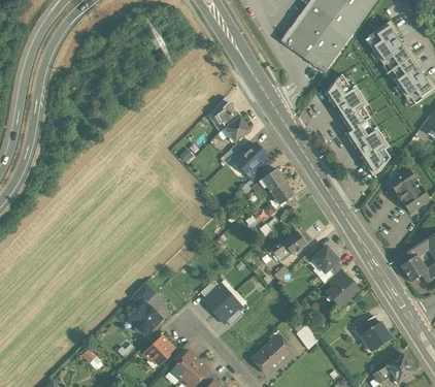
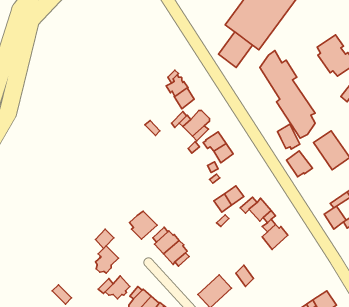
building: [368,21,413,69] -> none
building: none -> [218,32,253,67]
building: none -> [278,124,300,149]
building: none -> [286,151,312,177]
building: none -> [129,211,157,239]
building: [356,316,391,351] -> none

